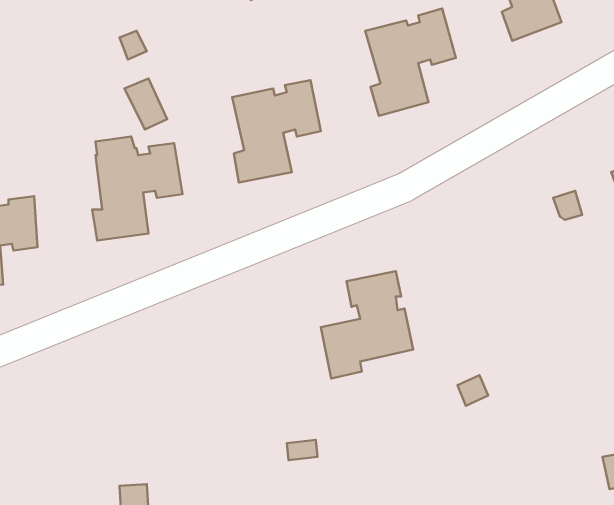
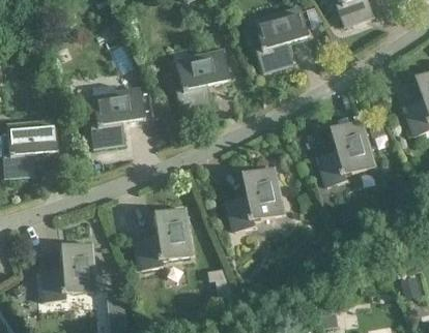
building: none -> [318,119,374,186]
building: none -> [136,207,191,269]
building: none -> [40,242,94,301]

